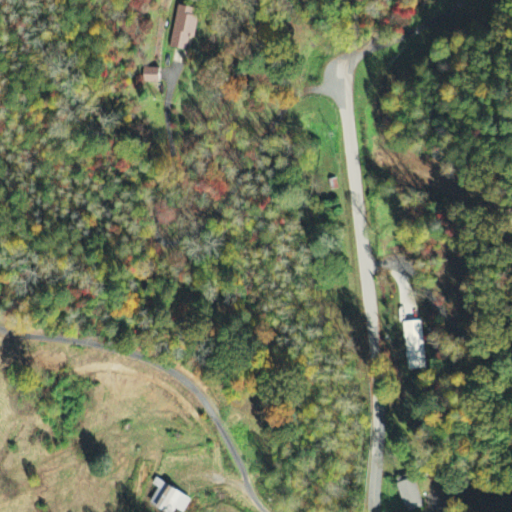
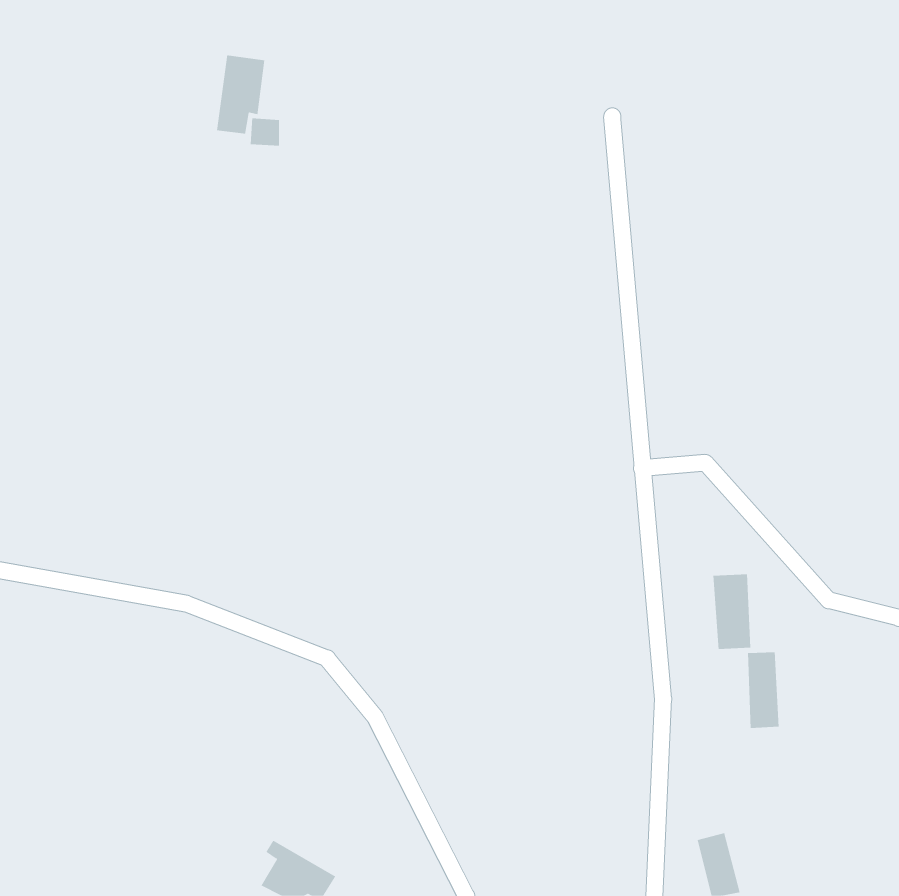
building: [170,4,198,49] -> [216,55,265,134]
building: none -> [748,651,779,729]

